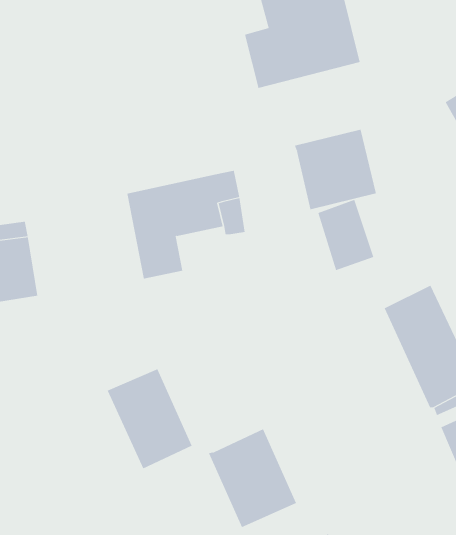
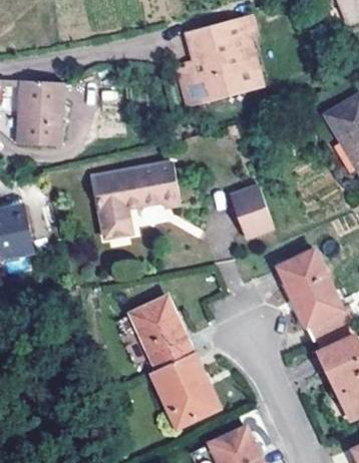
building: none -> [20,76,64,141]
building: [294,129,377,210] -> none
building: [107,368,193,469] -> [129,296,192,369]

